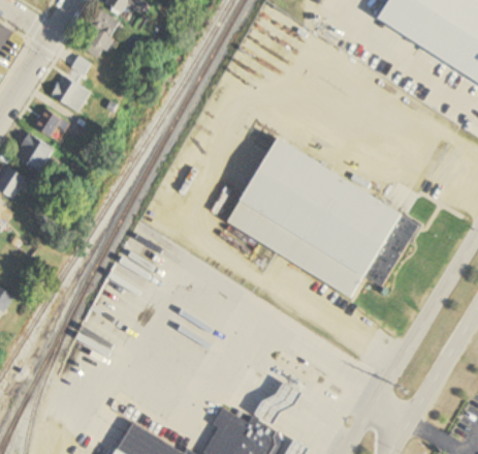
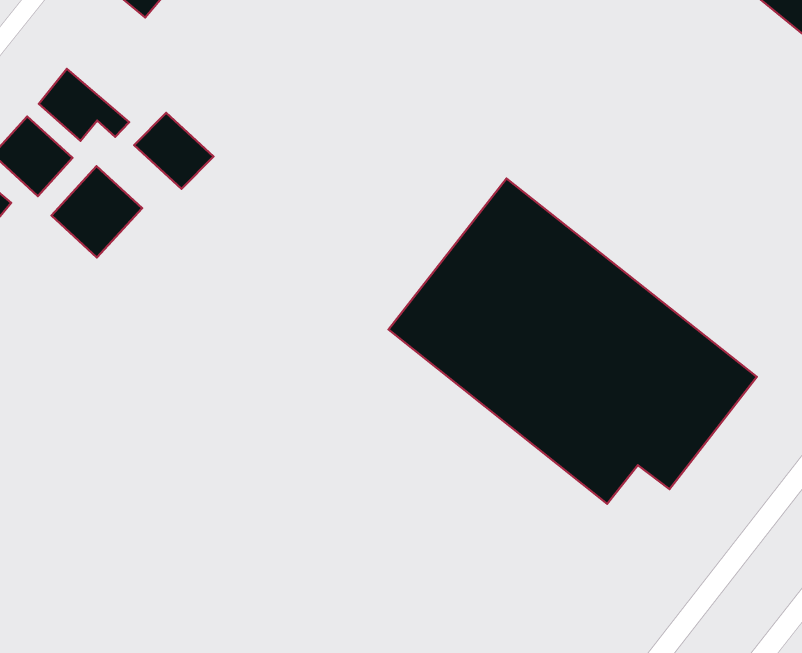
building: [50,74,91,113] -> [134,113,213,189]
building: none -> [52,166,142,257]

